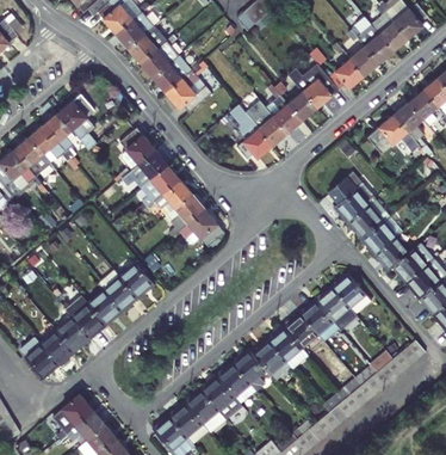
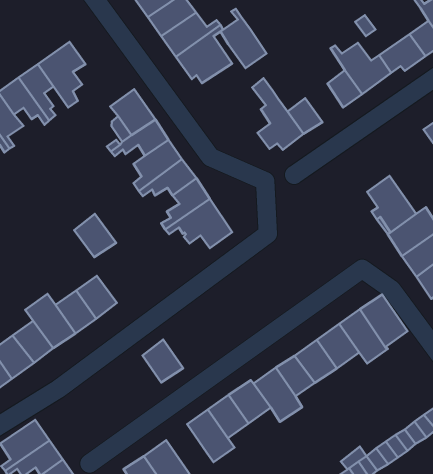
building: [265,90,303,136] -> [220,9,266,68]
building: [118,260,153,295] -> [74,214,116,257]
building: [185,387,218,422] -> [142,339,183,383]

